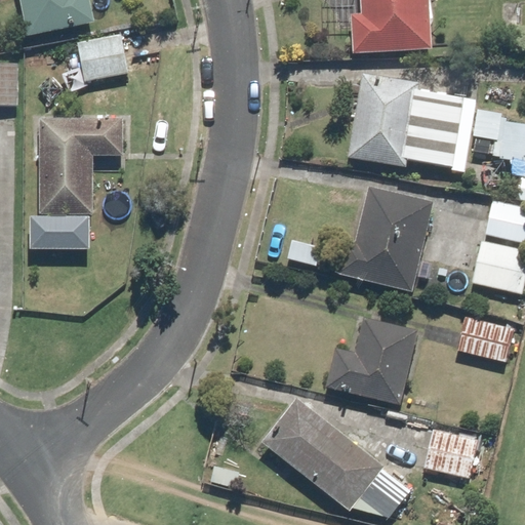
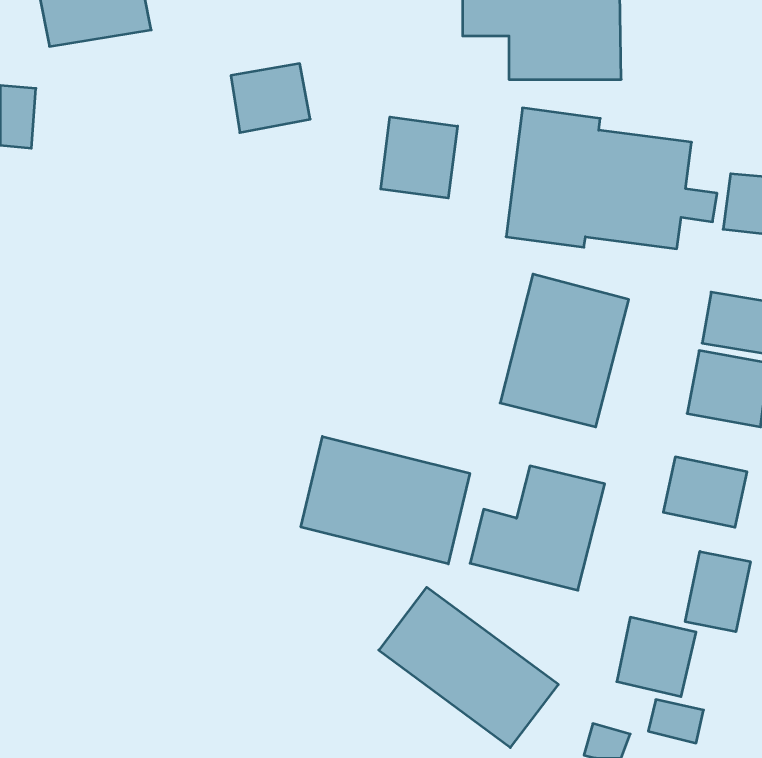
building: [82,31,136,78] -> [231,64,310,133]
building: none -> [381,117,458,198]
building: [38,111,133,247] -> none
building: none -> [301,436,470,564]
building: none -> [685,551,750,632]

